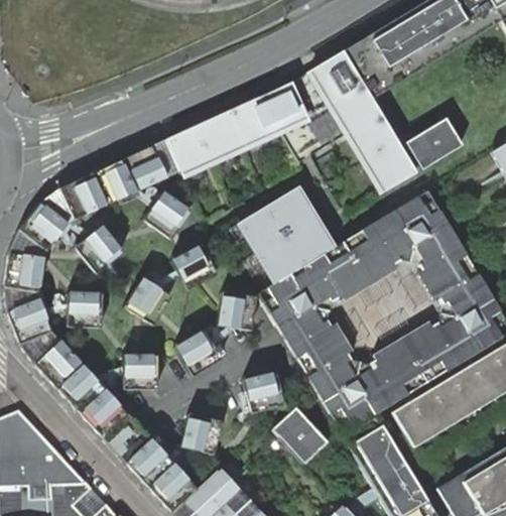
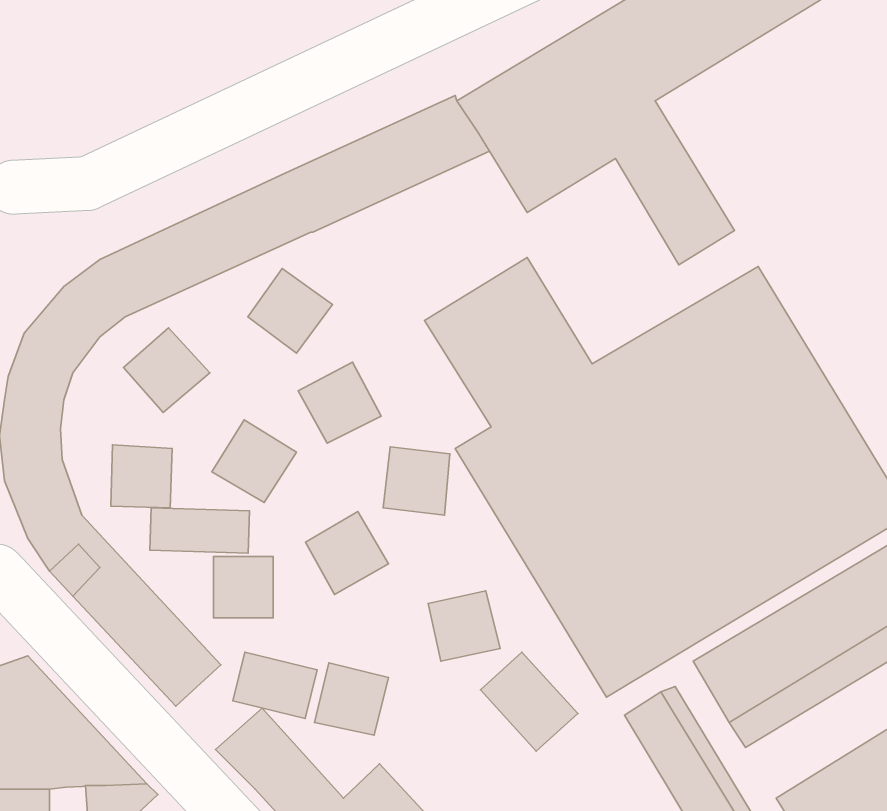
building: [405,116,461,166] -> none
building: none -> [150,508,249,553]
building: none -> [233,652,317,718]

